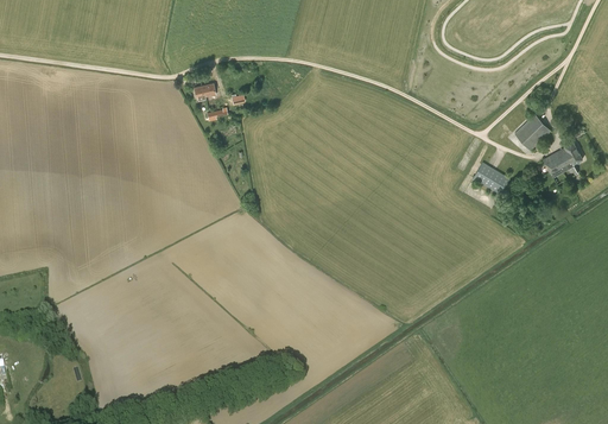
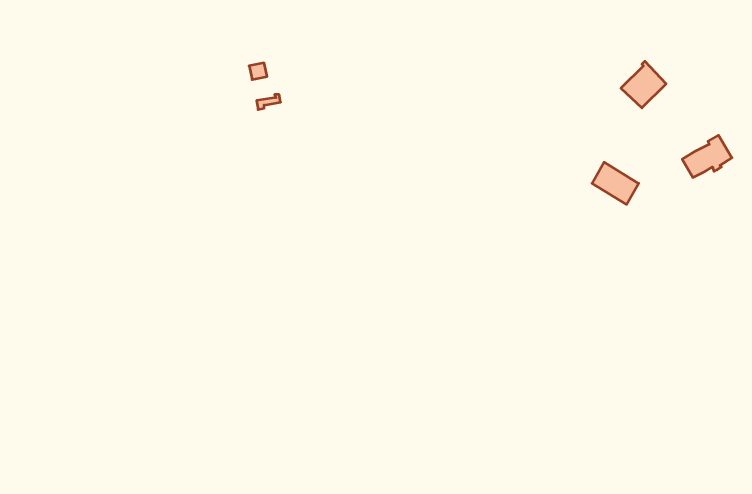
building: [513,113,549,150] -> [621,61,666,108]

